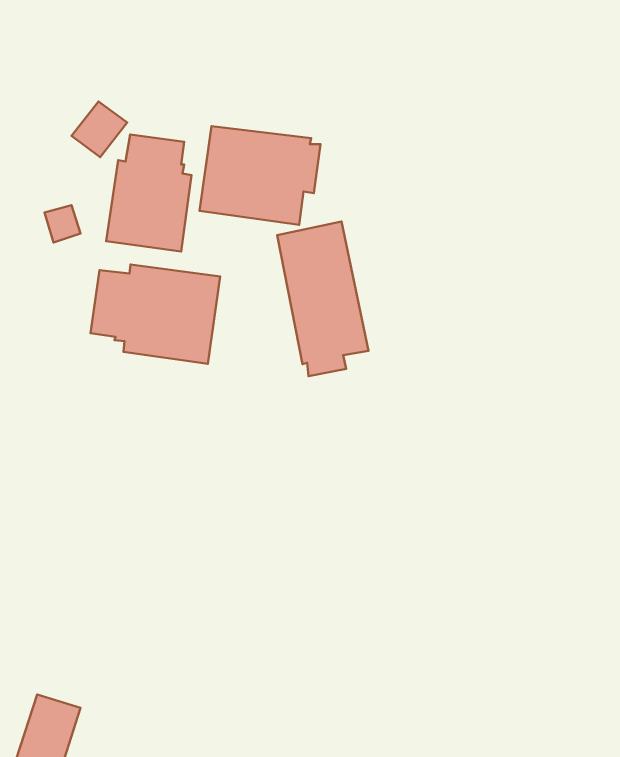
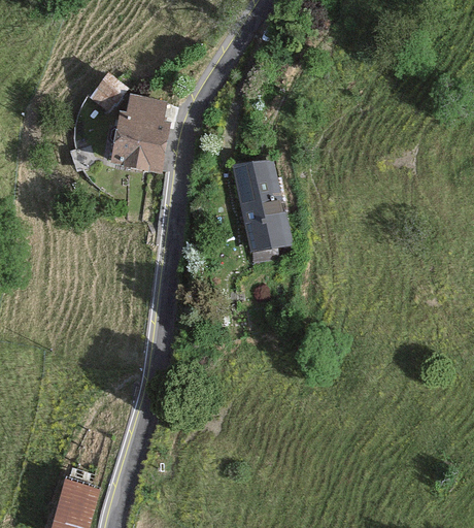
building: [200,126,320,225] -> none
building: [91,265,220,364] -> none

